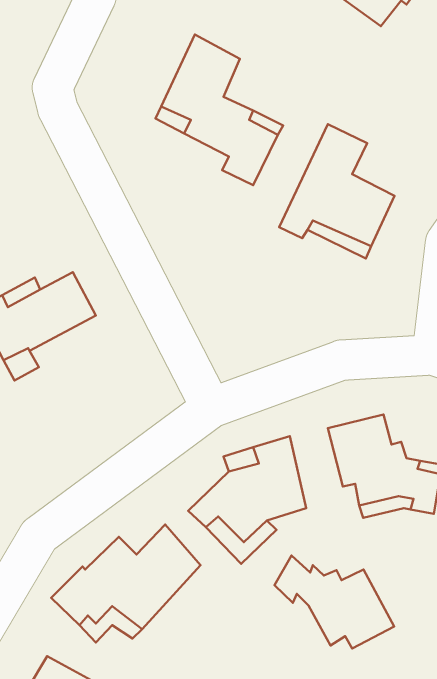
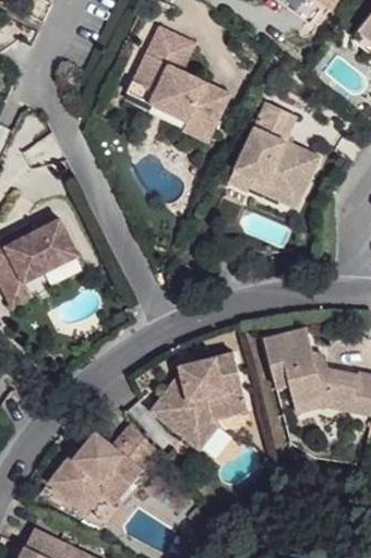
building: [275,555,394,648] -> none

